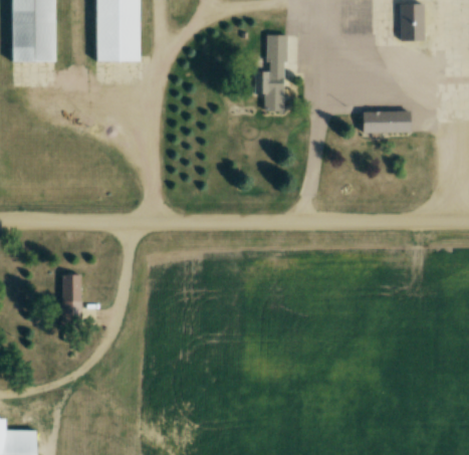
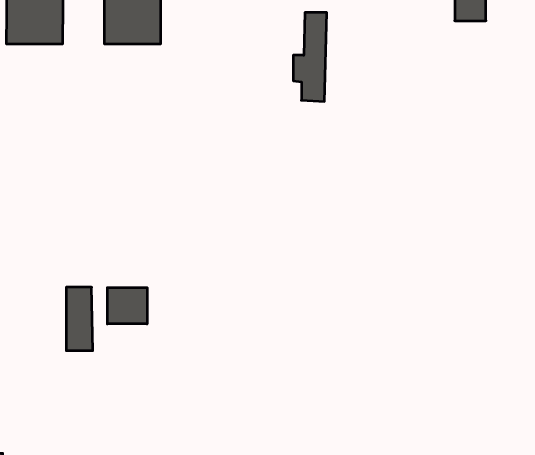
building: [364,110,412,133] -> none
building: none -> [107,288,147,324]

